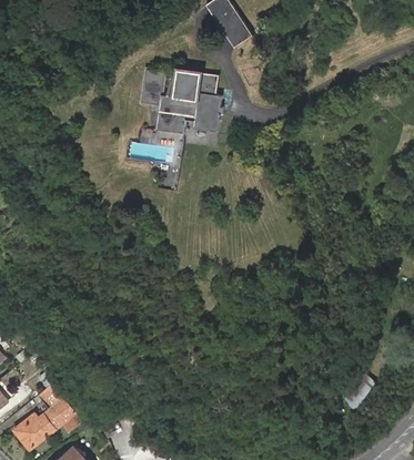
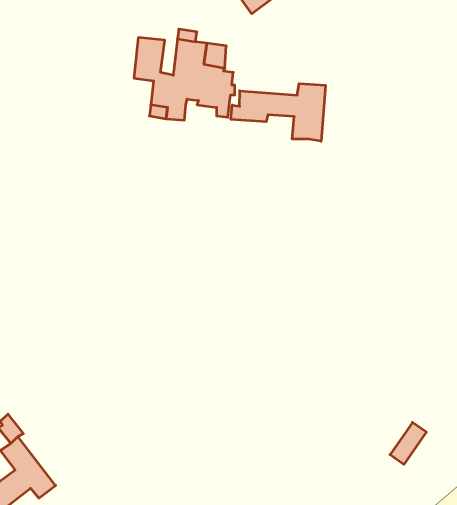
building: none -> [231,84,325,141]

